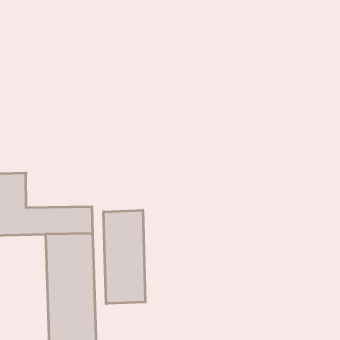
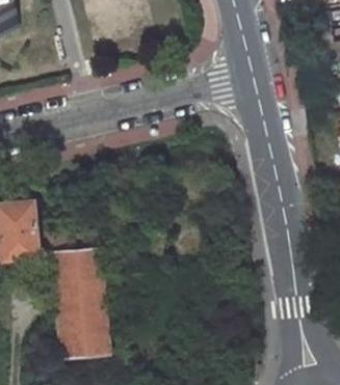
building: [104,210,145,304] -> none

